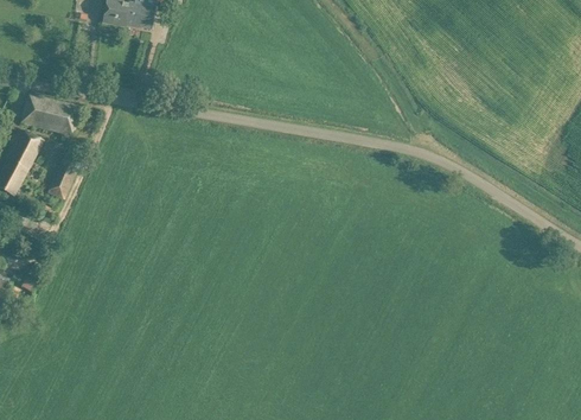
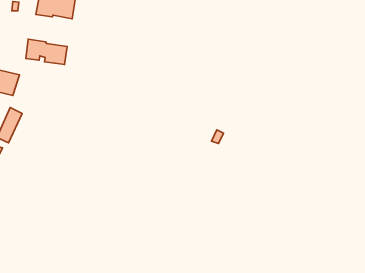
building: none -> [26,39,67,64]

